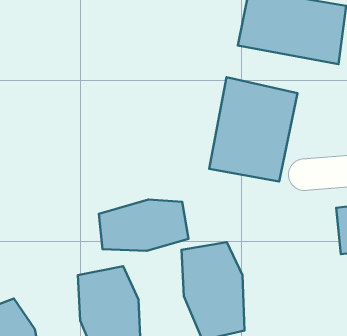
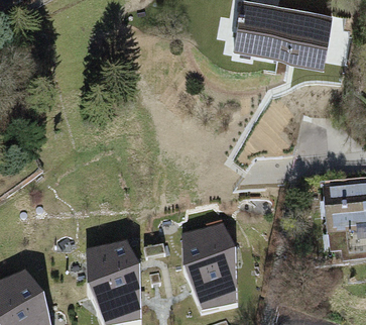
building: [209,77,298,182] -> none
building: [99,199,189,251] -> none

